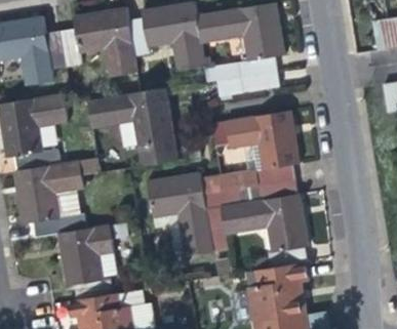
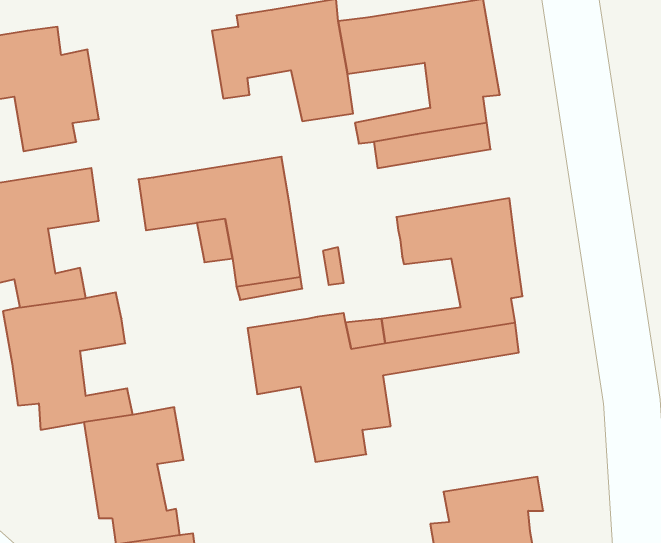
building: [61,7,136,75] -> none
building: [222,193,307,270] -> none

